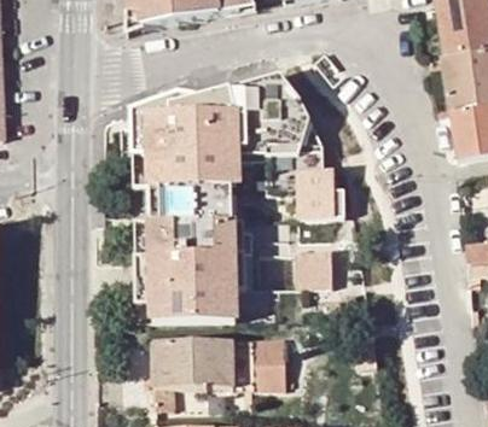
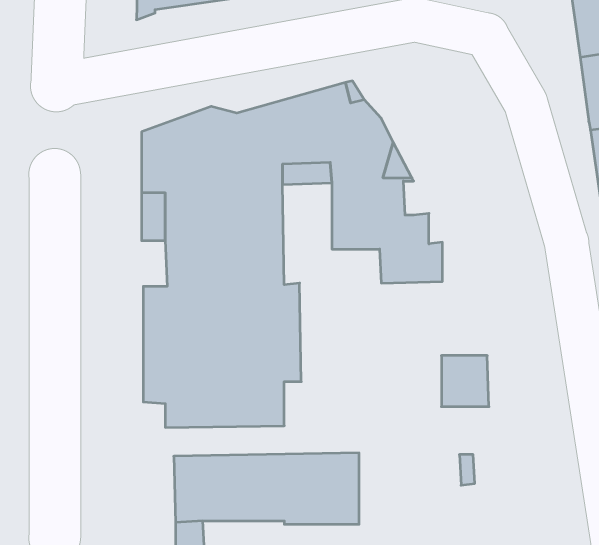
building: [300,248,333,285] -> [441,356,489,407]

